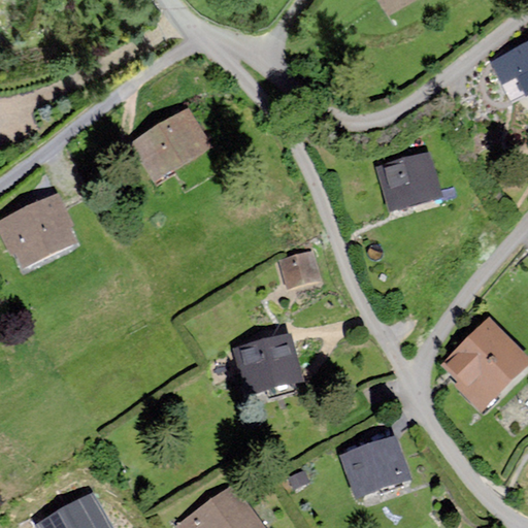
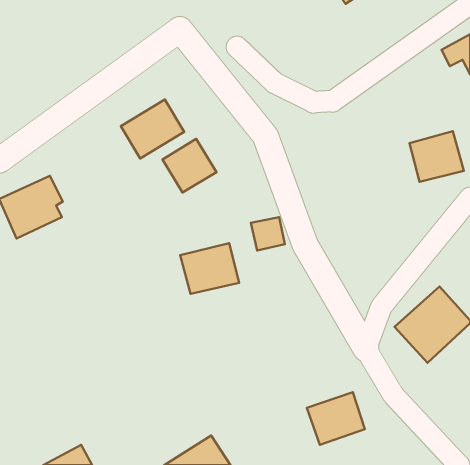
building: [380,153,440,209] -> [409,131,464,182]
building: none -> [162,139,216,193]
building: [236,338,302,395] -> [180,243,239,294]

